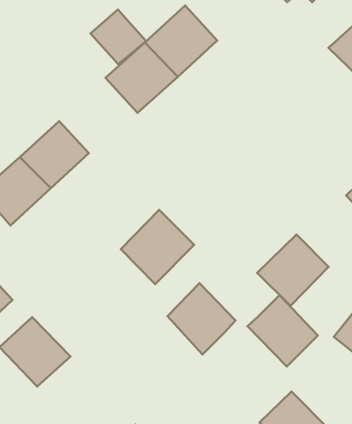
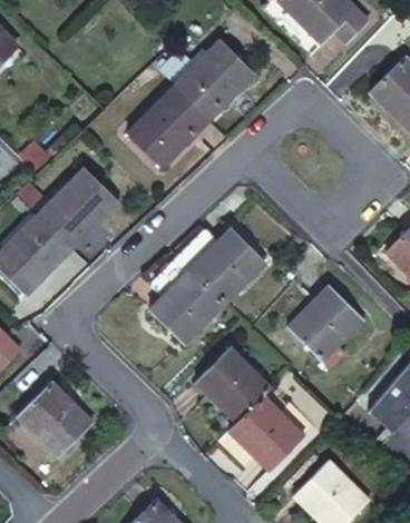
building: [90,10,146,64] -> none
building: none -> [186,228,262,305]
building: [248,295,318,366] -> [222,399,297,476]

